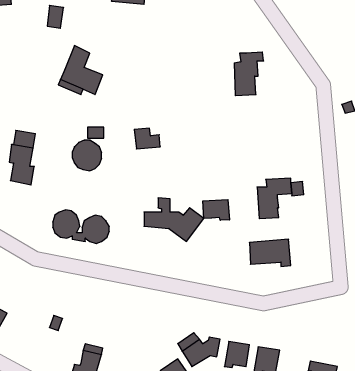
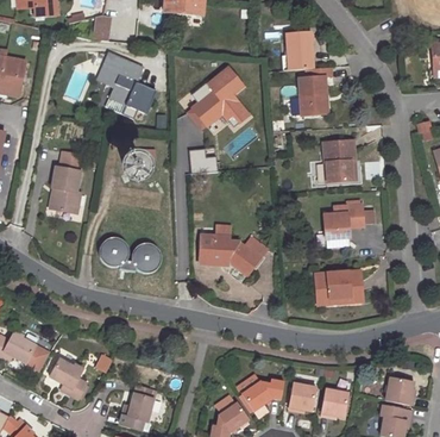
building: none -> [287,32,313,70]
building: none -> [98,52,125,86]
building: none -> [187,68,247,130]
building: none -> [323,141,356,181]
building: [203,200,229,220] -> none
building: none -> [50,358,87,400]
building: none -> [386,377,415,406]

